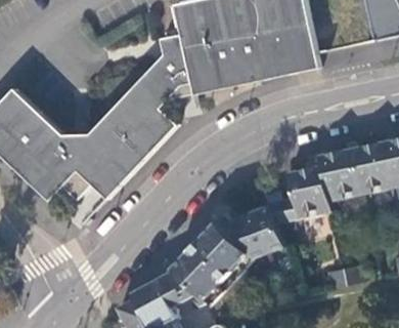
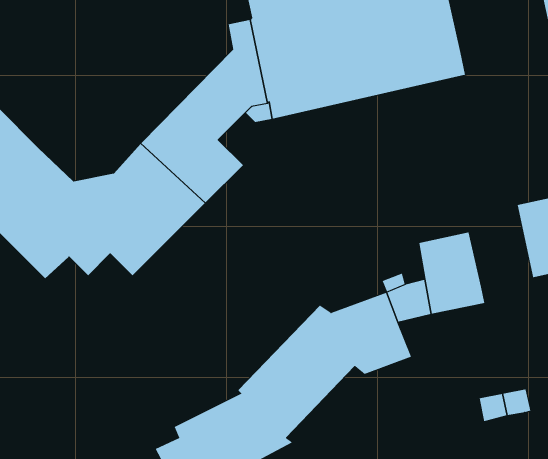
building: [318,150,361,203] -> none

